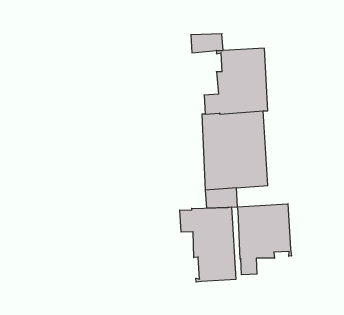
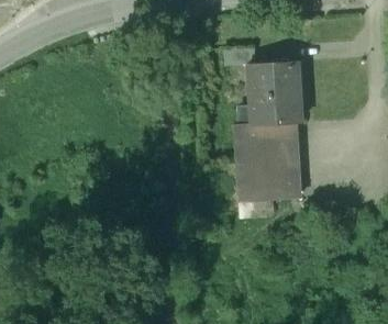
building: [238,204,291,275] -> none
building: [180,207,236,282] -> none

